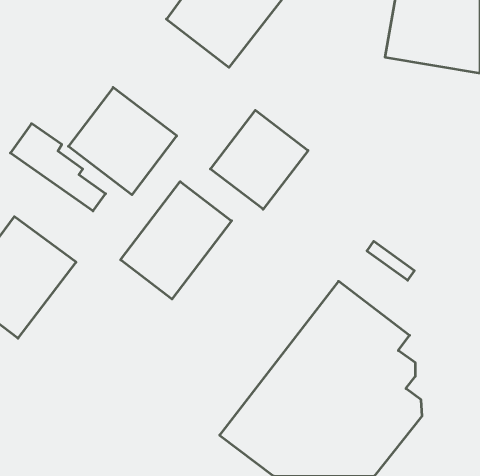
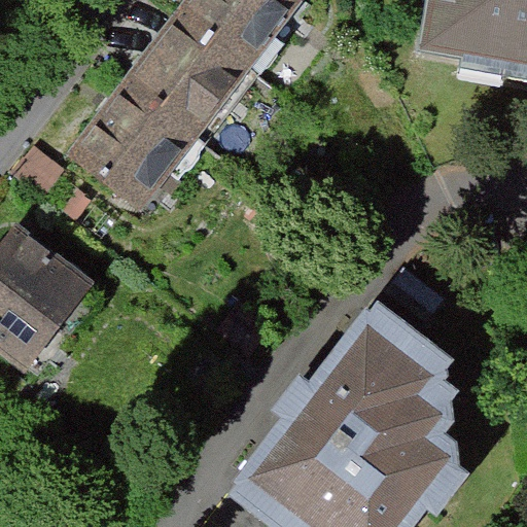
building: none -> [122,21,248,147]
building: [210,110,308,209] -> none
building: [121,182,232,299] -> none

